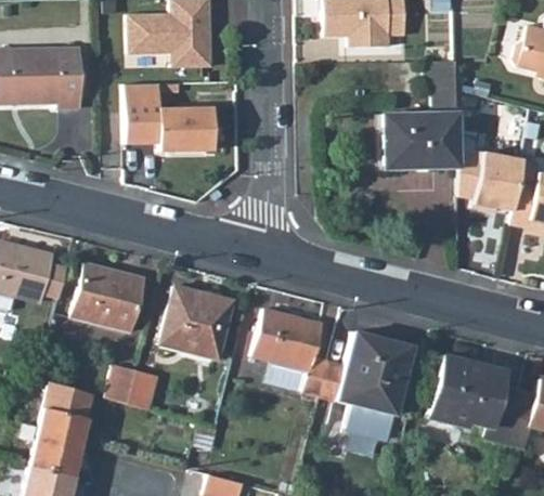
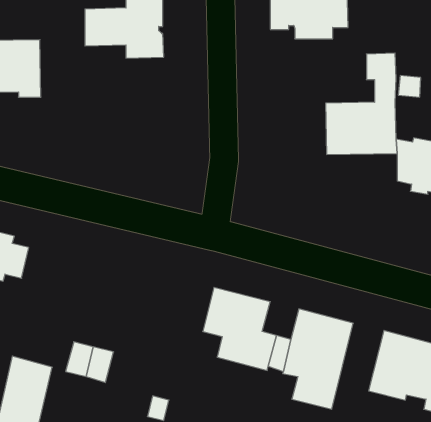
building: [125,83,213,151] -> none
building: [73,263,143,331] -> none
building: [160,286,233,358] -> none

